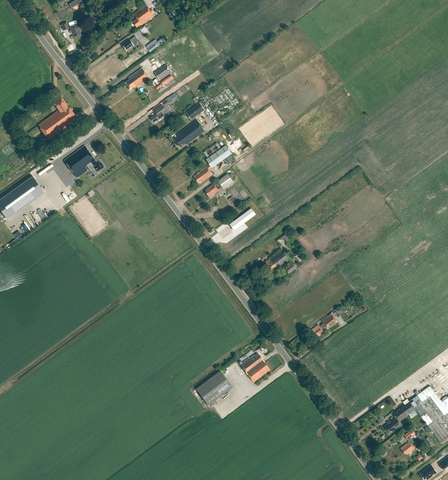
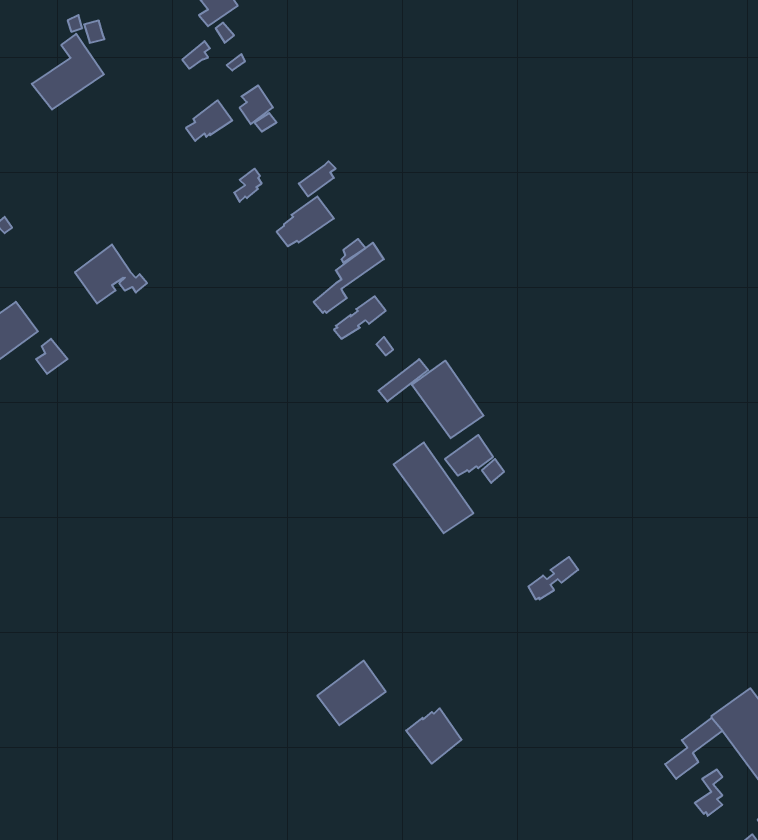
building: [38,98,77,139] -> [32,34,104,110]
building: none -> [412,361,484,438]
building: none -> [394,442,473,533]
building: [240,353,270,383] -> [406,708,462,764]

